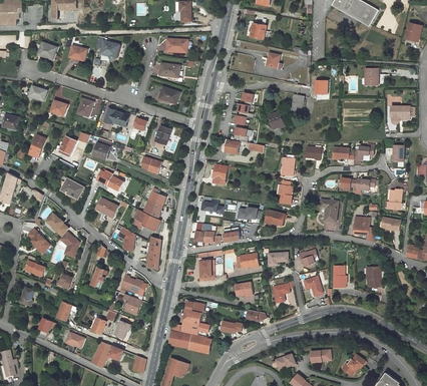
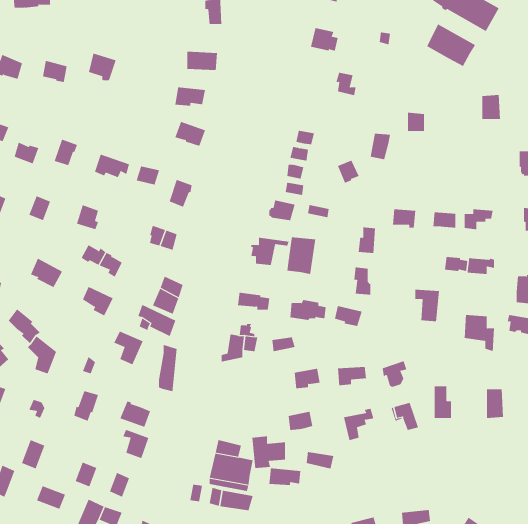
building: none -> [426,23,476,67]
building: none -> [287,237,316,275]
building: [199,260,223,282] -> [251,436,286,469]

